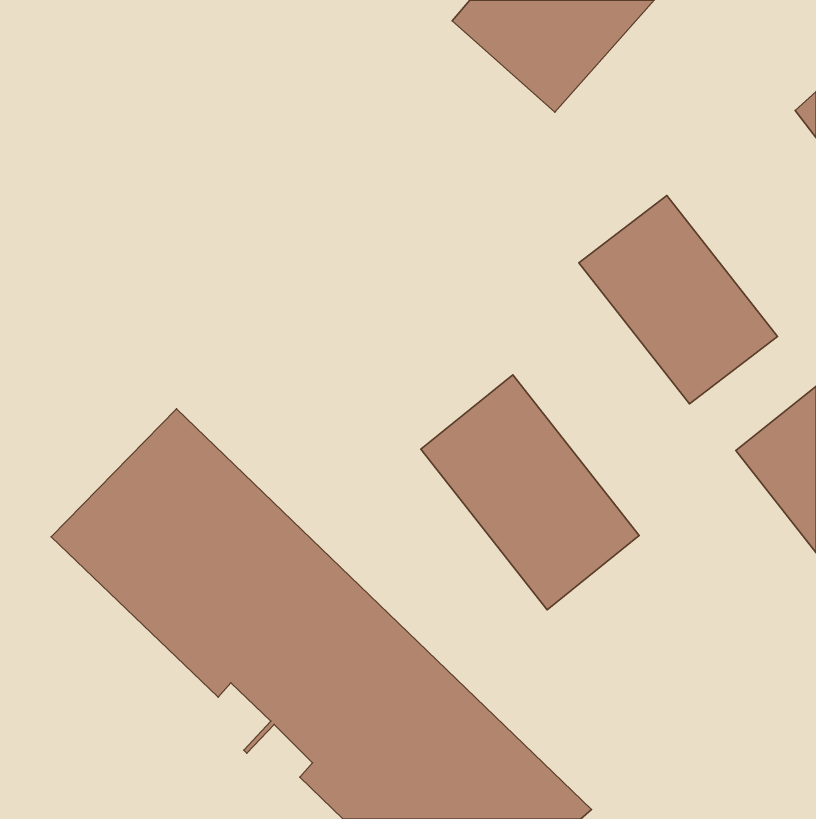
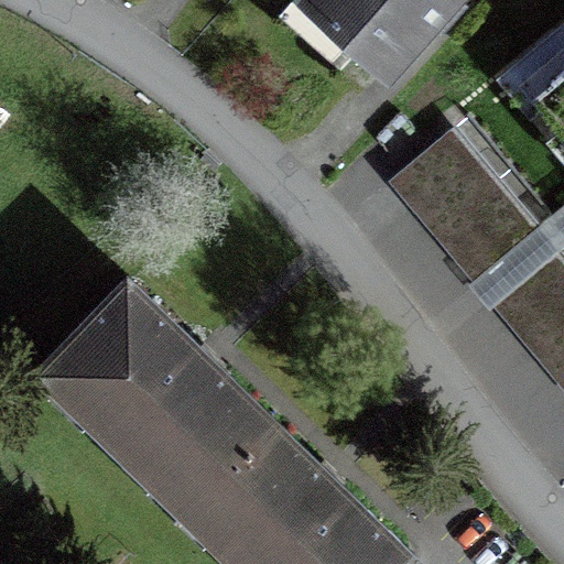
building: [421,375,639,610] -> none

